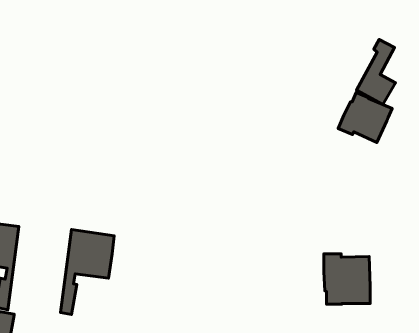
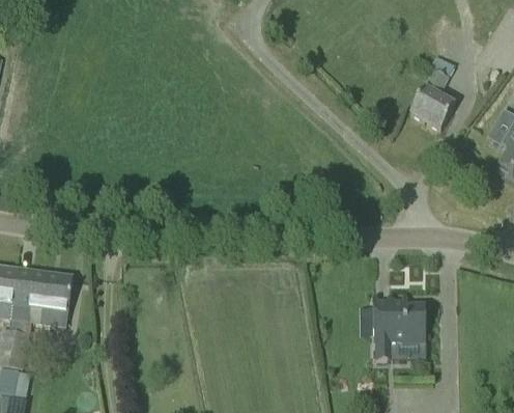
building: [338,92,392,142] -> none
building: [61,229,114,314] -> [10,268,72,365]

